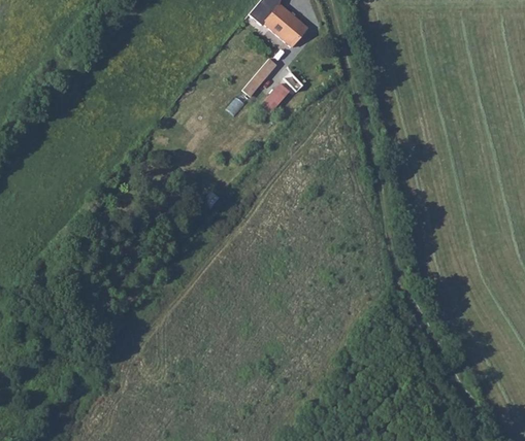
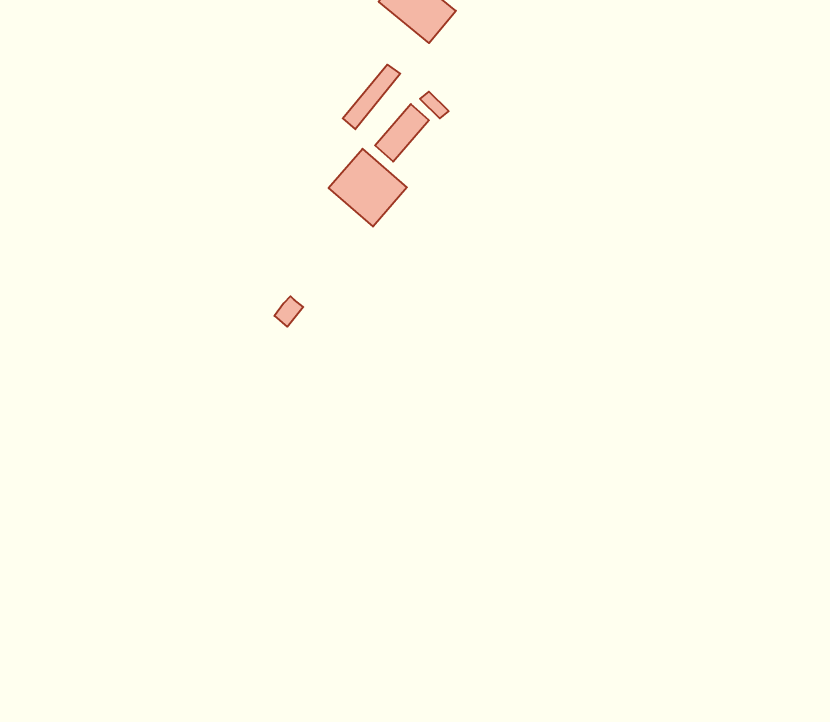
building: none -> [329,149,407,227]

